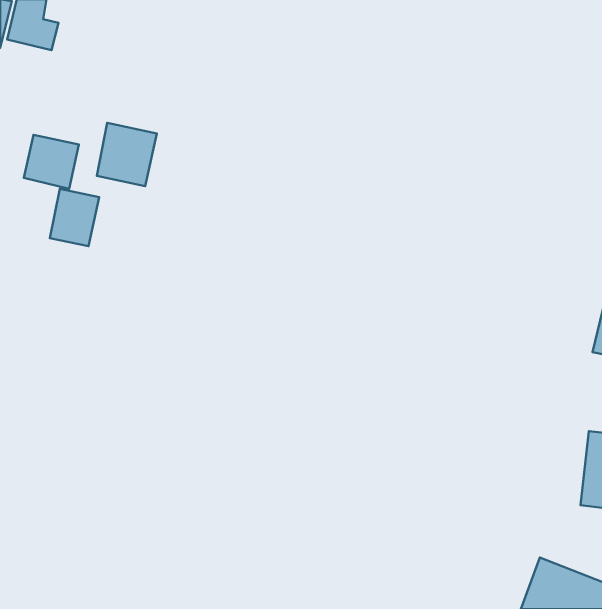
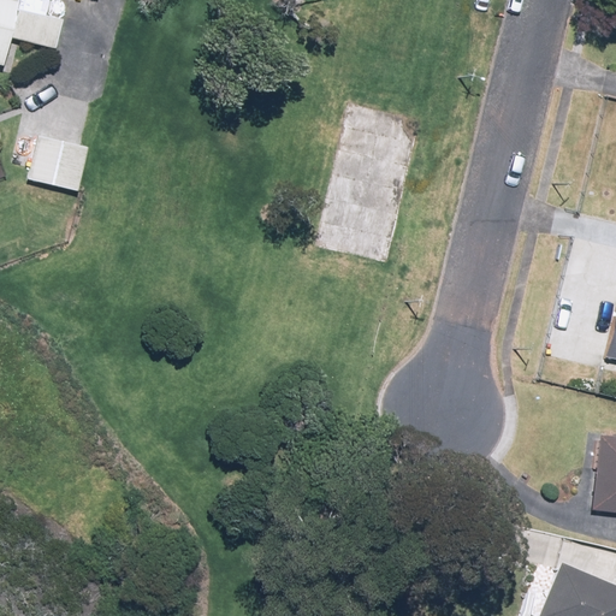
building: [97,123,157,186] -> none
building: [50,189,99,246] -> none

